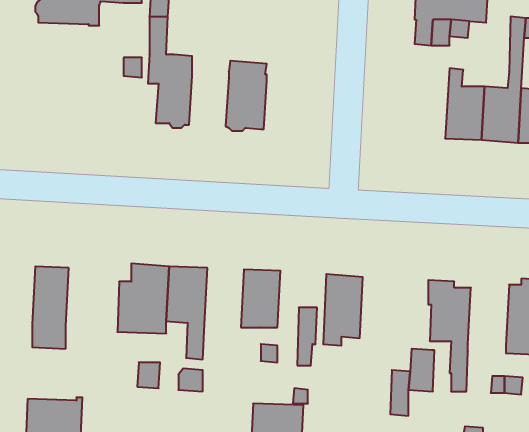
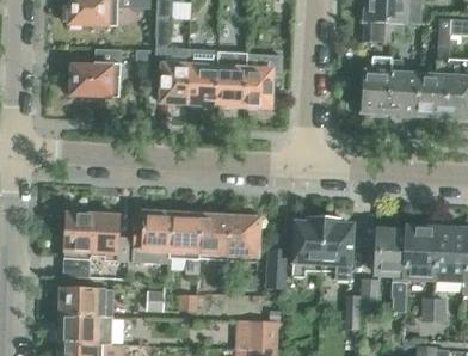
building: none -> [70,49,119,98]
building: none -> [186,49,218,106]
building: none -> [245,55,282,109]
building: none -> [361,57,390,113]
building: none -> [90,215,129,262]
building: none -> [198,215,229,288]
building: none -> [405,221,437,282]
building: none -> [320,222,352,278]
building: none -> [60,289,105,319]

